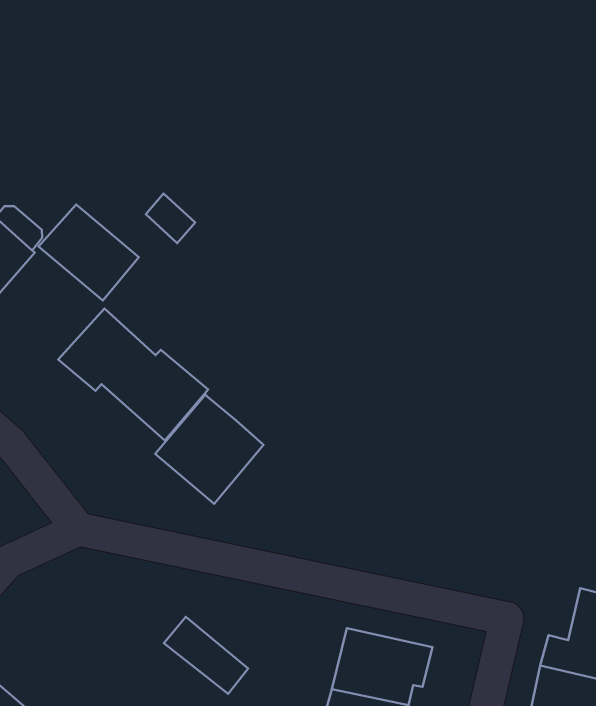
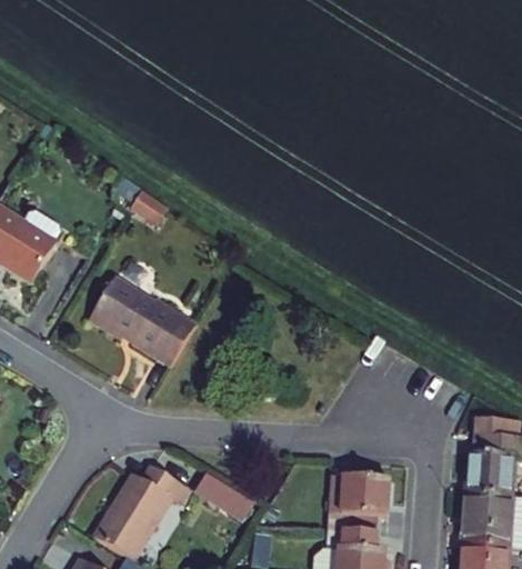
building: [39,205,139,301] -> none
building: [155,394,263,504] -> none
building: none -> [94,460,190,555]

